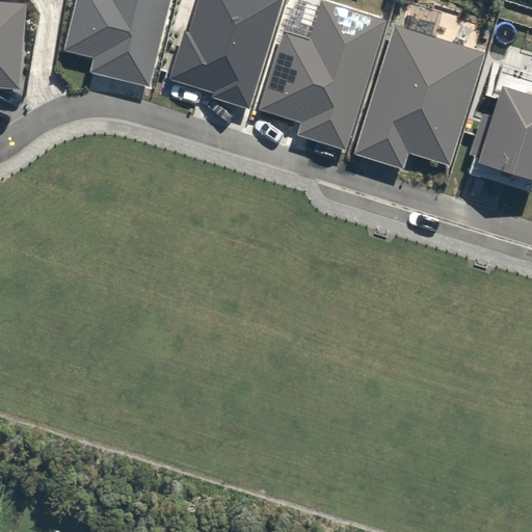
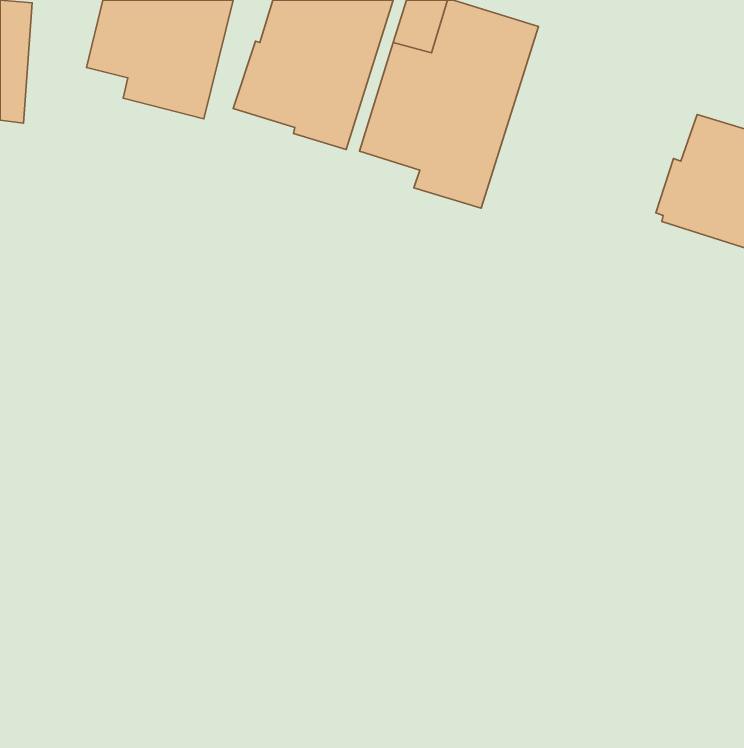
building: [353,24,484,168] -> none

